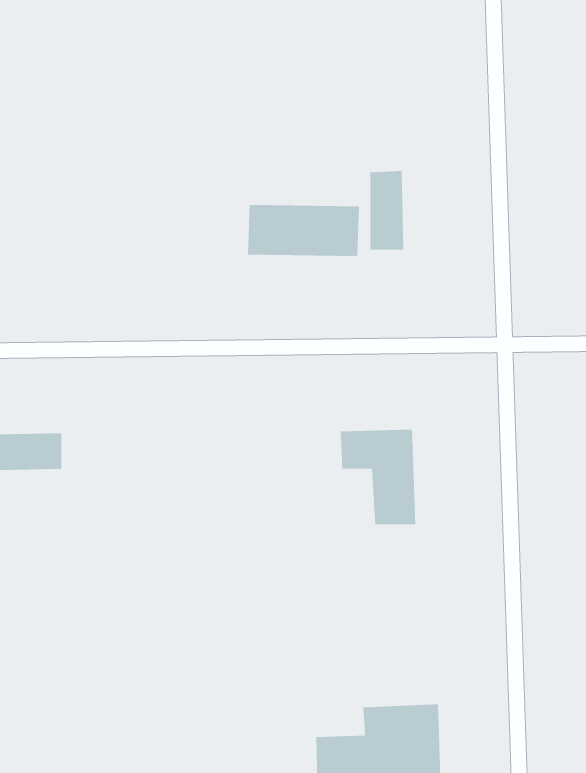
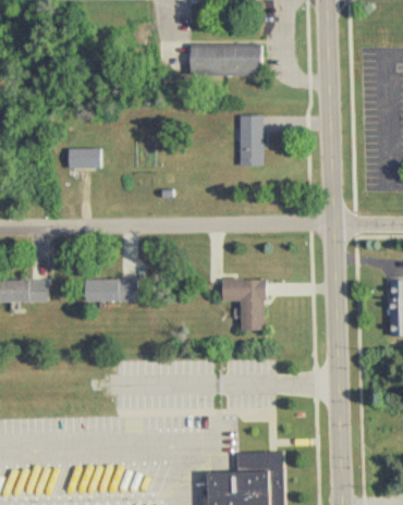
building: [247,204,360,257] -> [190,44,260,76]
building: none -> [66,146,101,168]
building: none -> [85,279,137,301]

